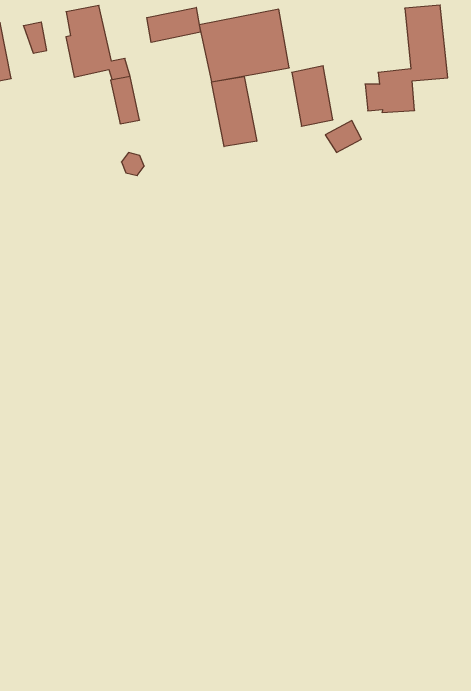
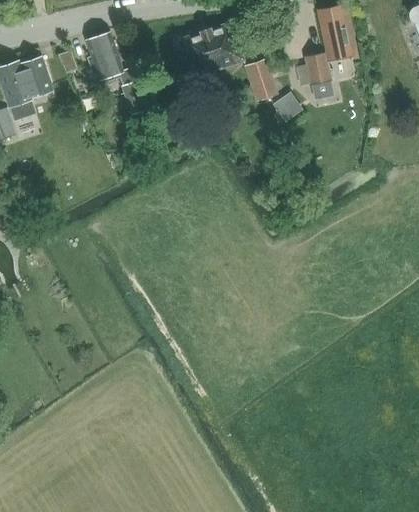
building: [147,7,201,42] -> none
building: [212,77,257,147] -> none

